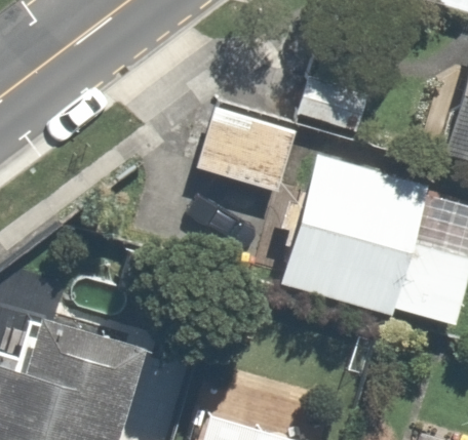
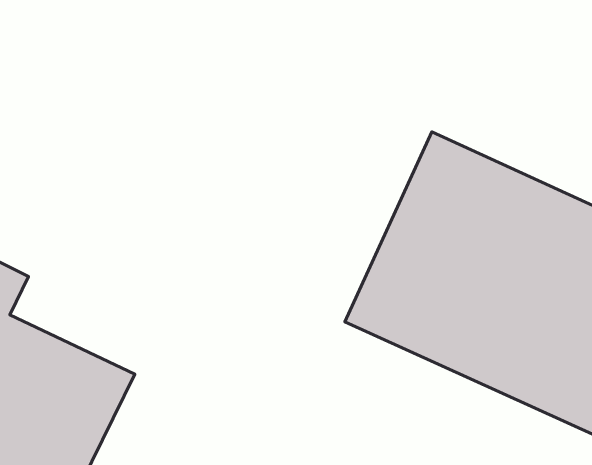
building: [193,105,294,199] -> none

